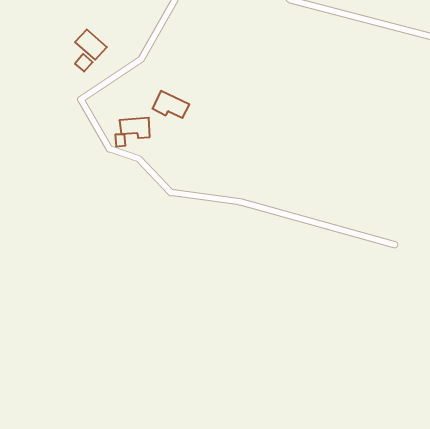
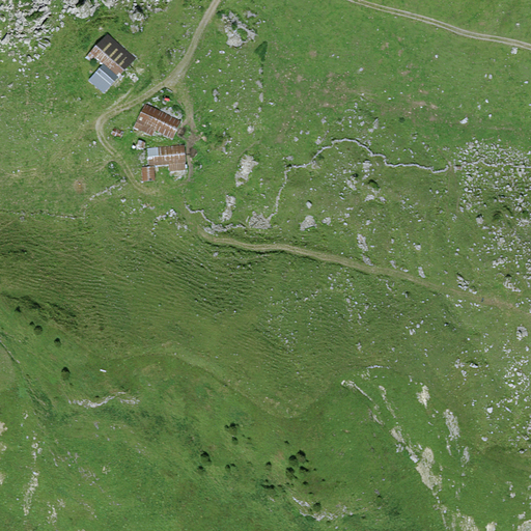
building: [152,91,189,118] -> [135,105,180,138]

